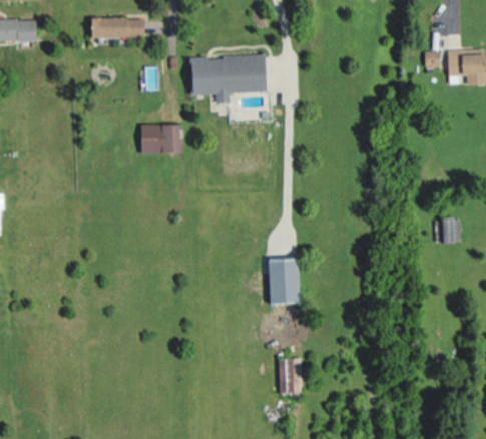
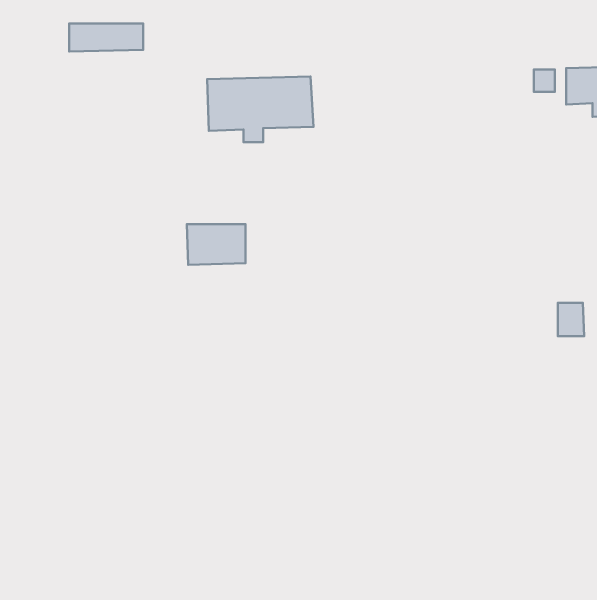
building: [140,125,182,154] -> [187,224,245,265]
building: [269,258,299,304] -> none
building: [279,359,302,394] -> none

